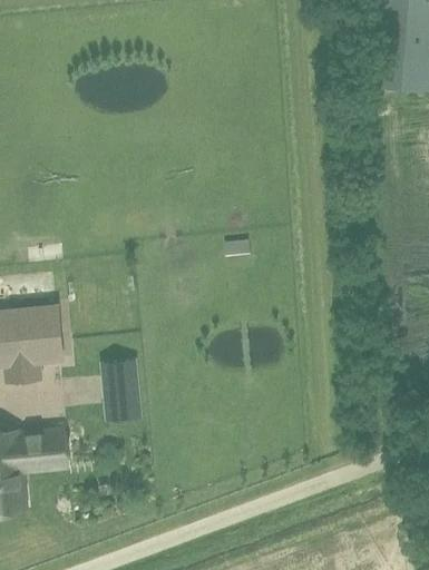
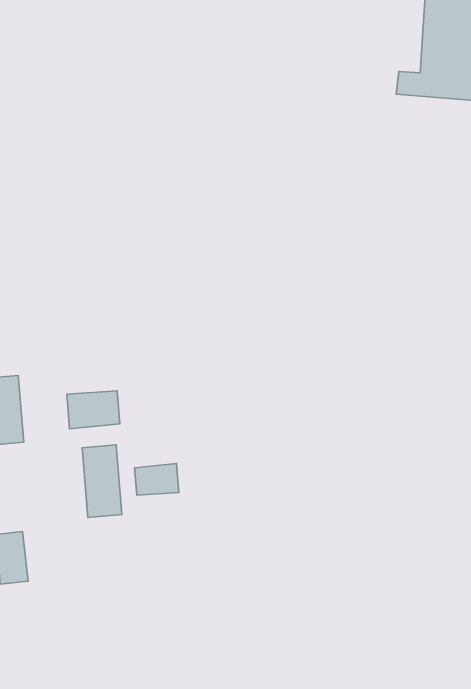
building: none -> [67,391,120,429]
building: none -> [135,464,179,495]

